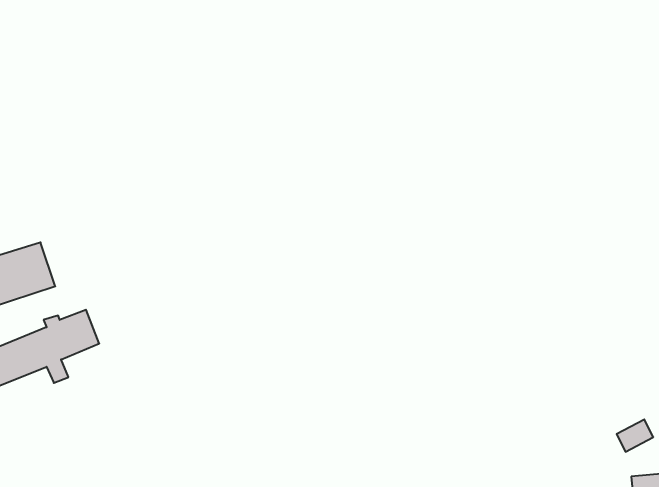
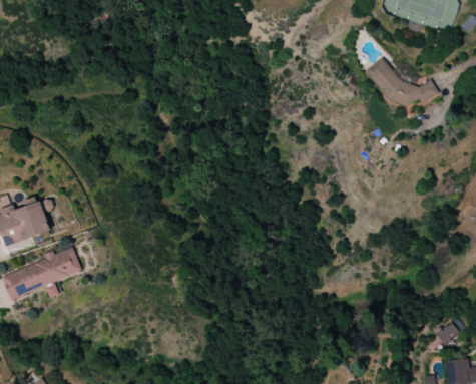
building: none -> [364,56,435,114]

